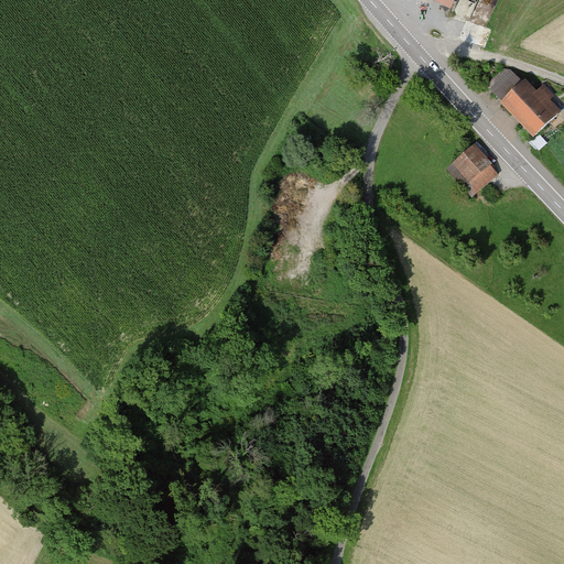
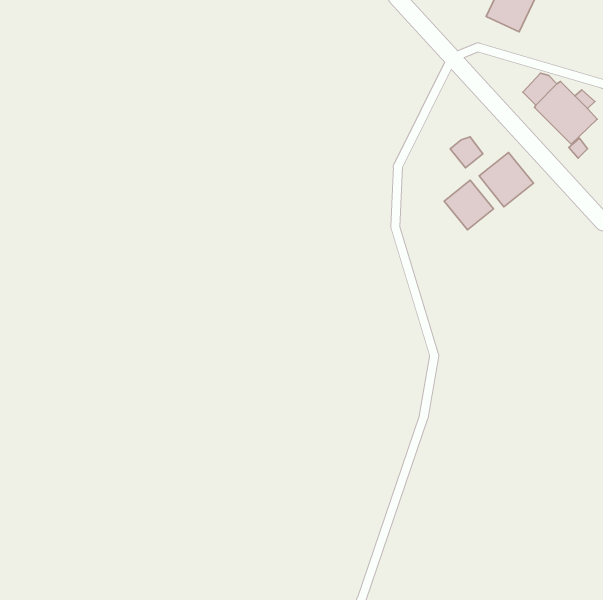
building: none -> [450,137,483,168]
building: none -> [444,180,494,230]

